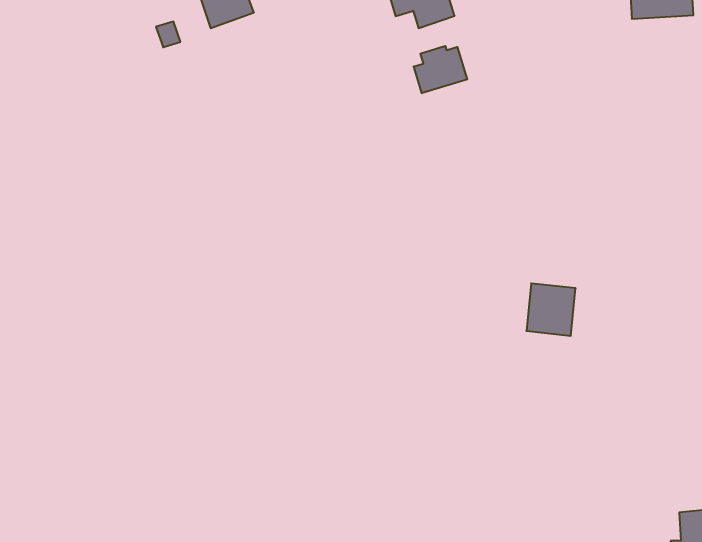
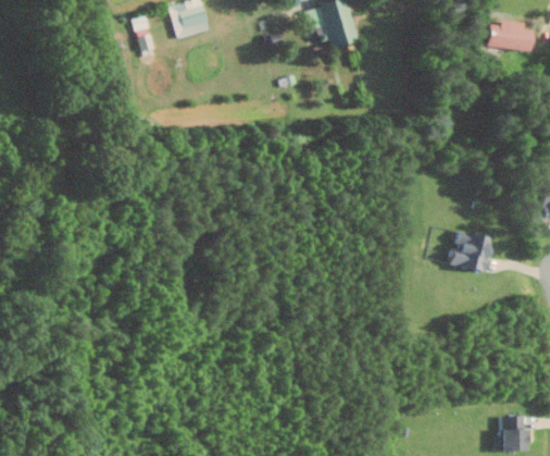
building: [414,46,467,93] -> none
building: [526,283,576,336] -> [454,231,492,271]

